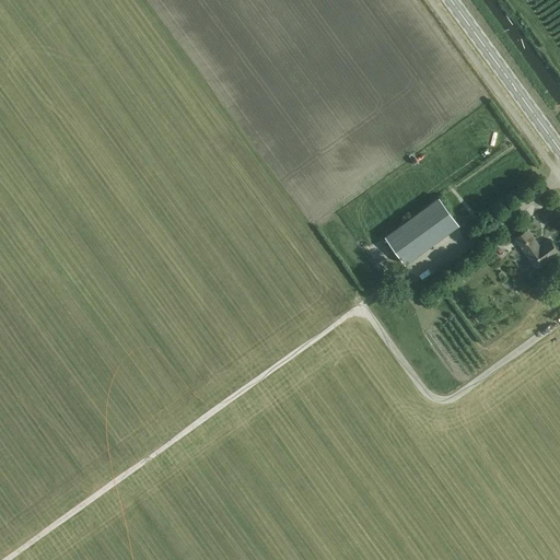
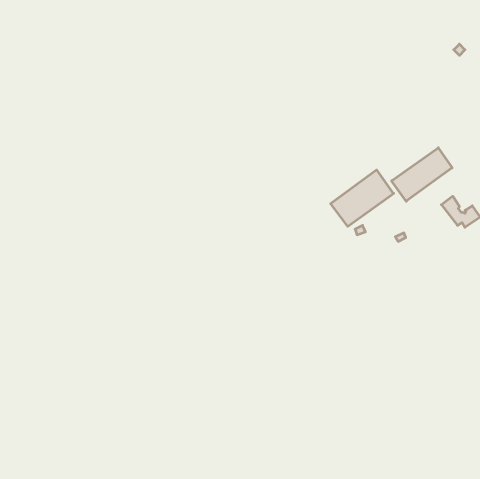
building: none -> [392,148,452,201]

